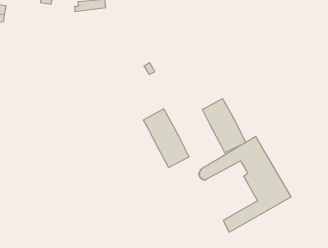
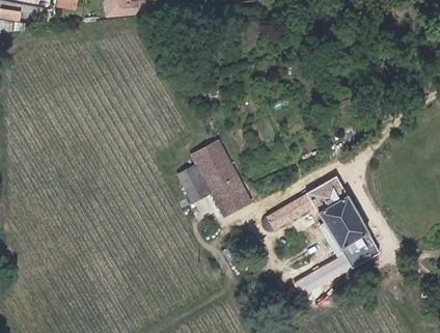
building: [202,99,246,153] -> none
building: none -> [176,164,211,202]

